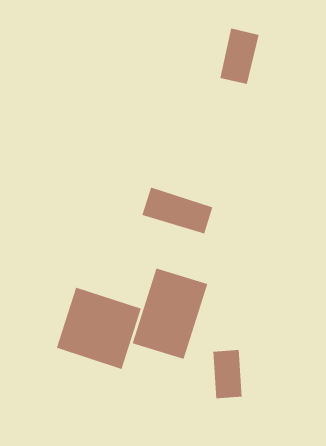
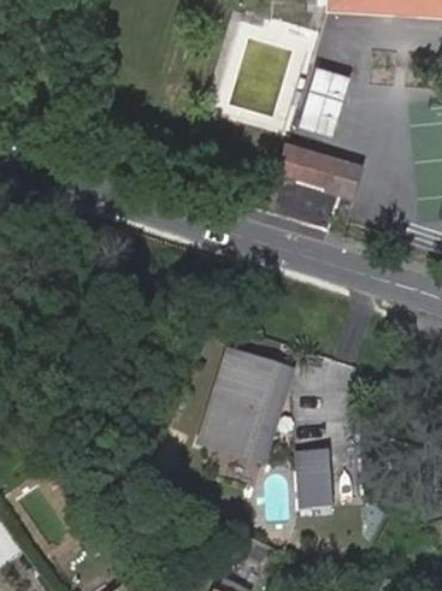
building: [142,187,213,234] -> [276,142,361,199]
building: [56,287,141,370] -> none

